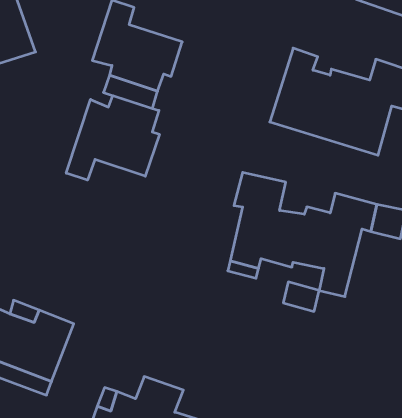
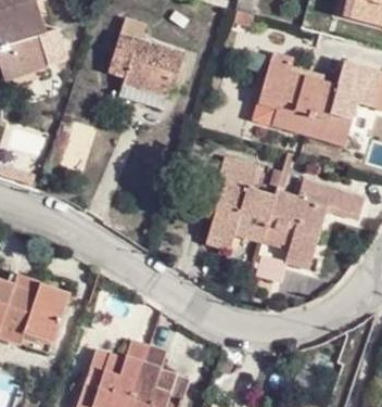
building: [66,96,159,180] -> none

